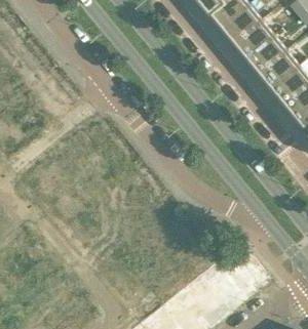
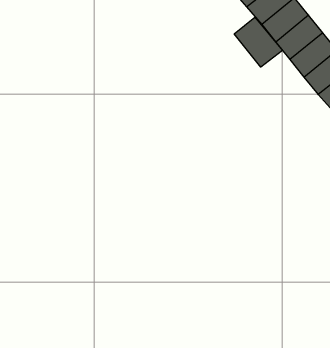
building: none -> [234,17,283,67]

